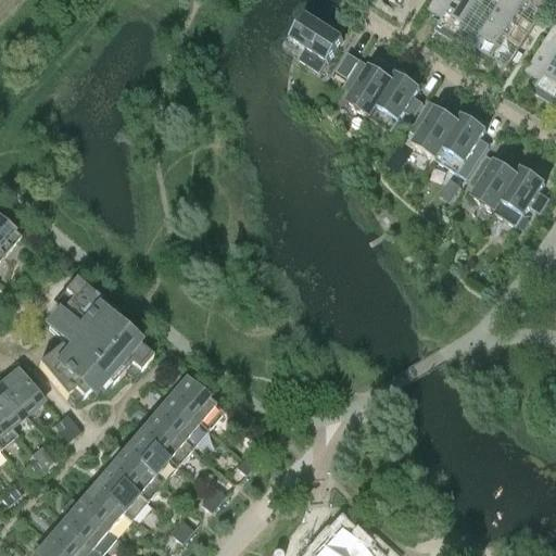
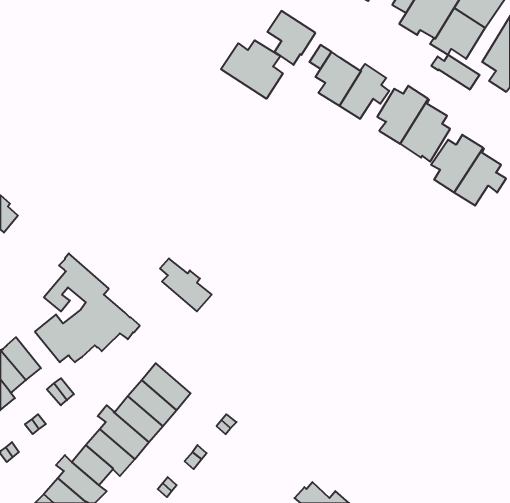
building: none -> [221,40,283,99]
building: none -> [431,55,480,90]
building: [167,370,224,428] -> [160,258,212,311]

